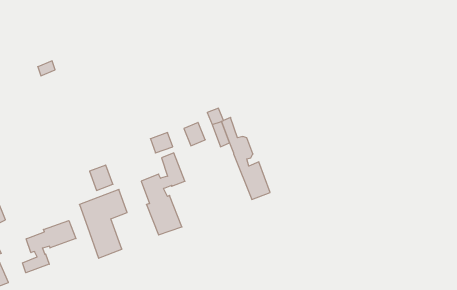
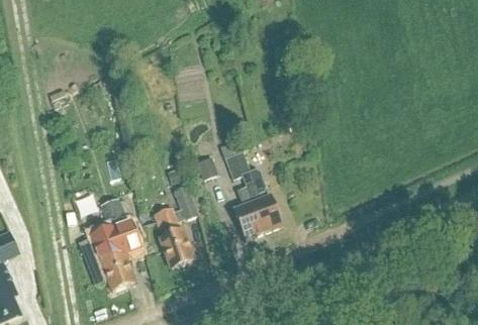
building: none -> [232,186,264,238]
building: [23,221,76,273] -> none

